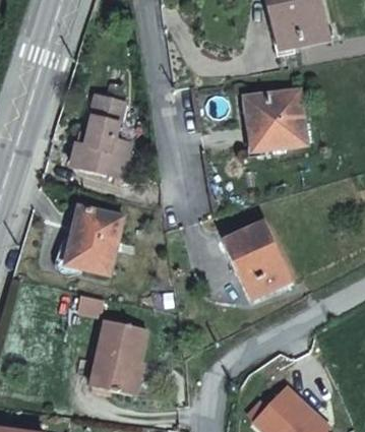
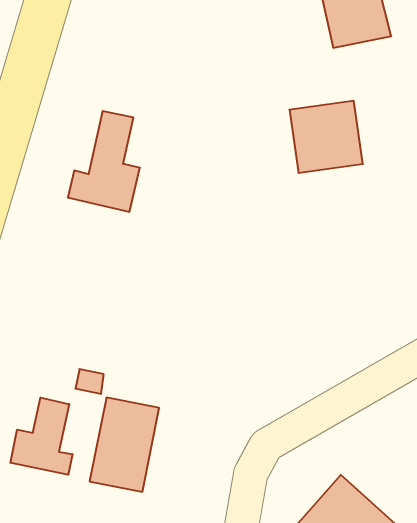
building: [66,205,121,271] -> none
building: [226,223,290,295] -> none
building: none -> [11,398,72,475]

